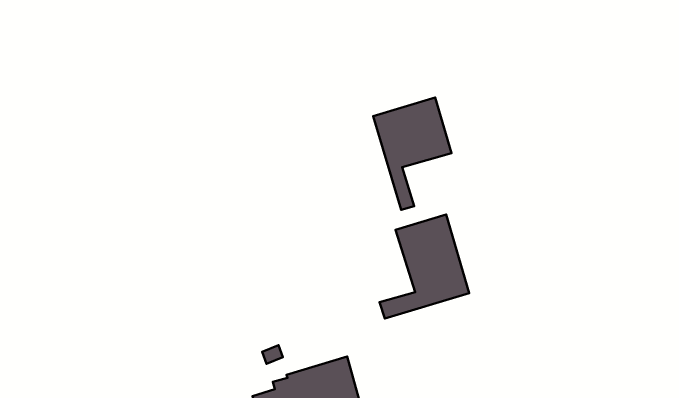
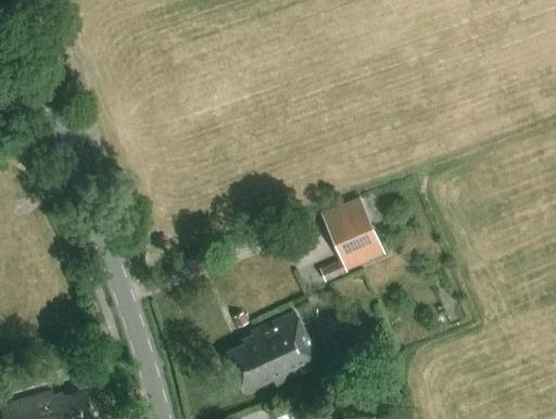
building: [373,97,452,210] -> none

